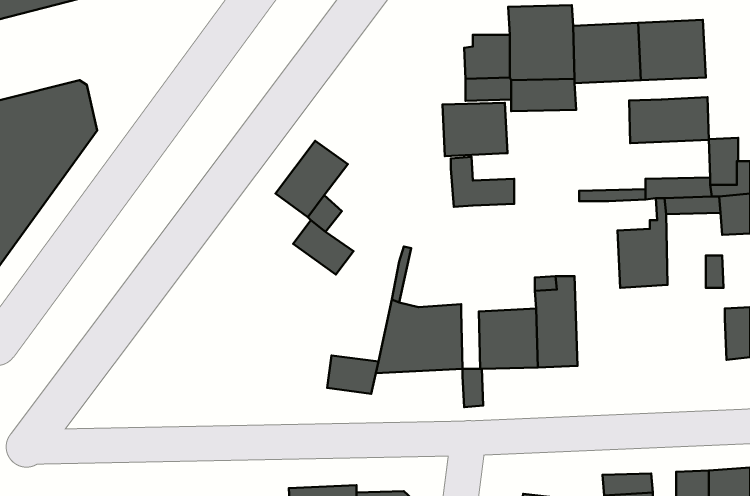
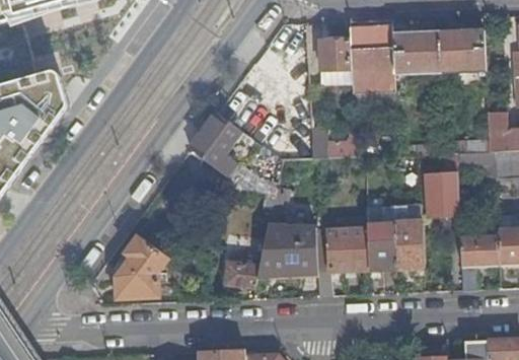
building: [629,97,709,143] -> none
building: [442,103,507,156] -> none
building: none -> [395,205,424,268]
building: none -> [114,234,169,299]
building: none -> [460,235,500,289]

